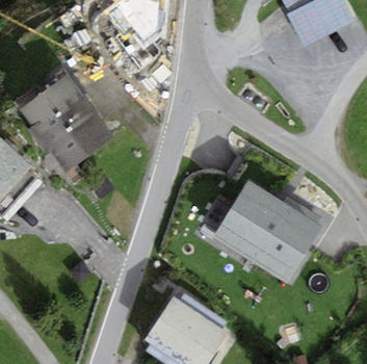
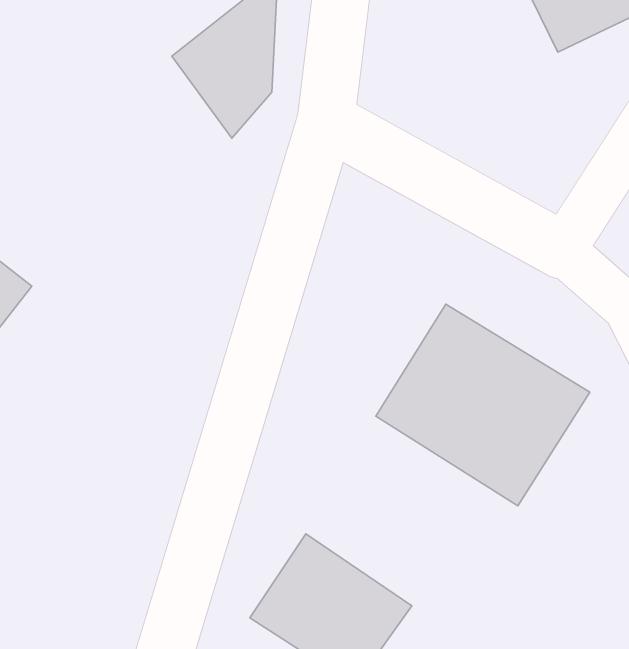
building: [20,75,112,170] -> none

